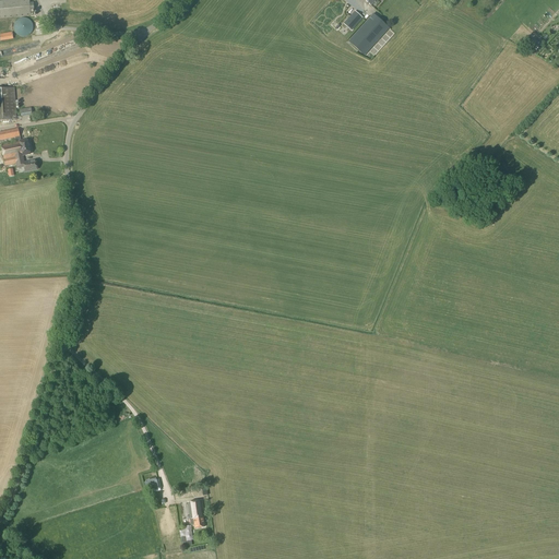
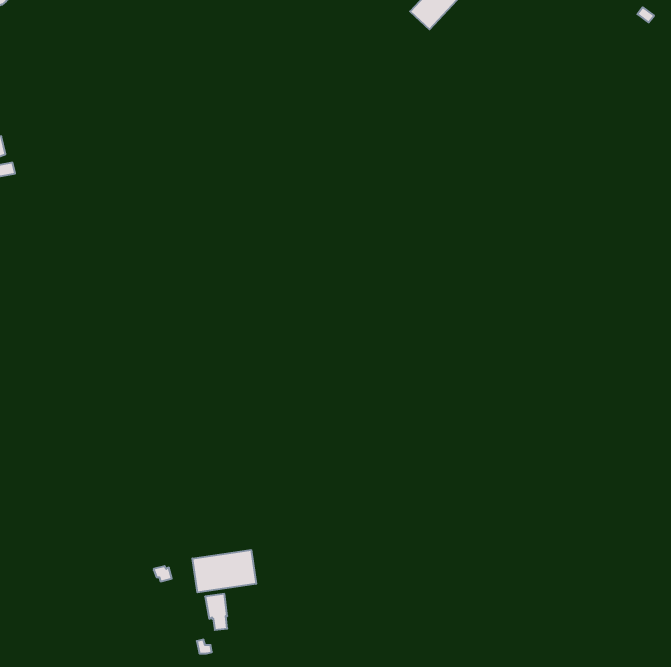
building: none -> [192,550,256,592]

